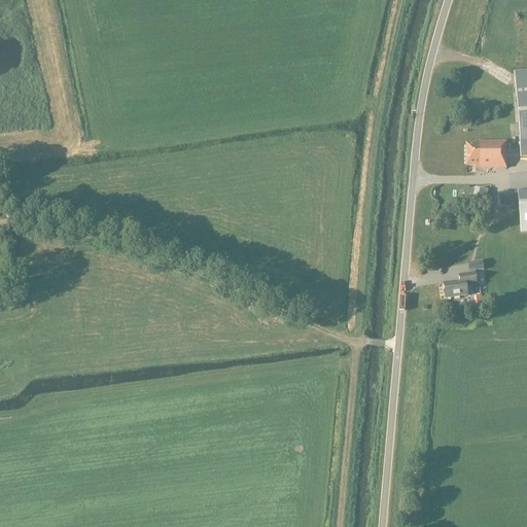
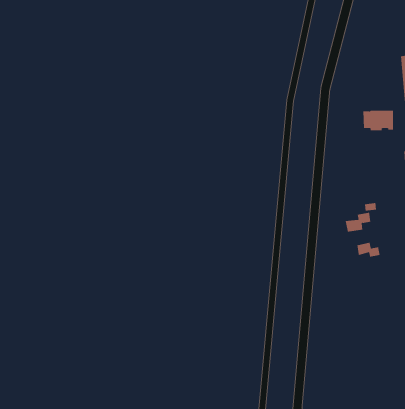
building: none -> [357,242,380,258]

